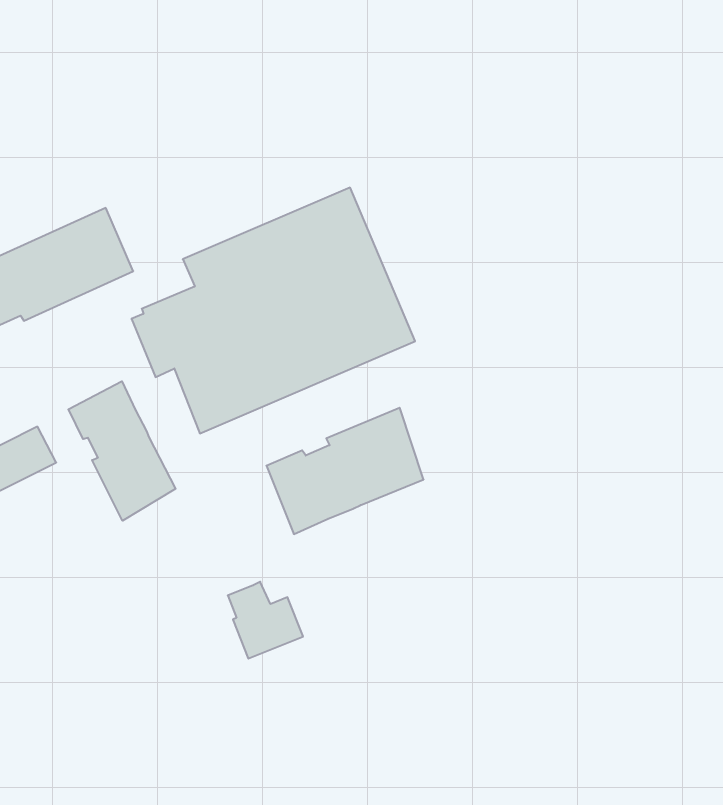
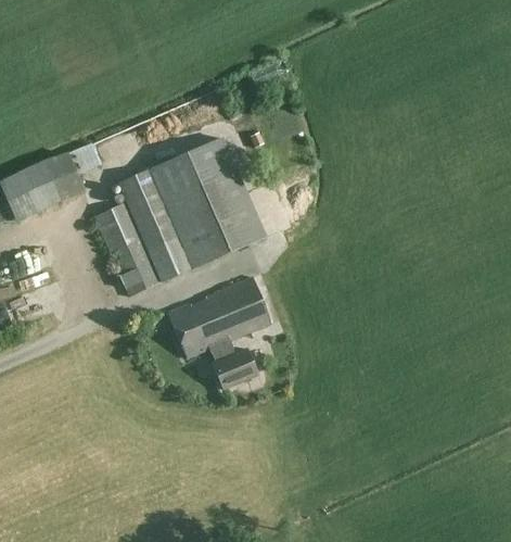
building: [68,381,176,521] -> none
building: [228,582,303,659] -> [210,339,258,388]

